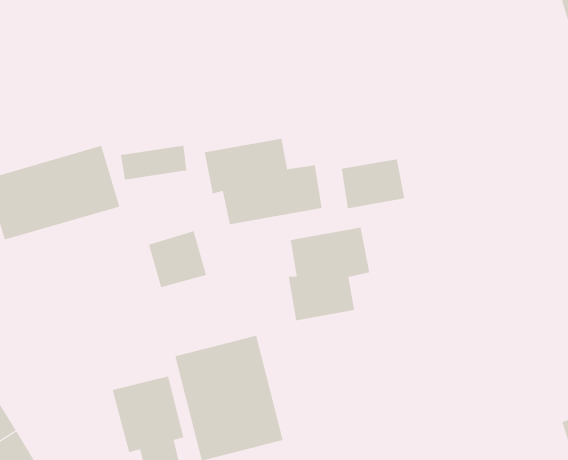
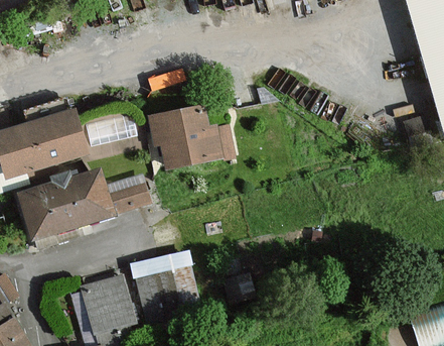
building: [341,159,405,209] -> none
building: none -> [19,168,116,239]
building: [288,227,370,321] -> none

